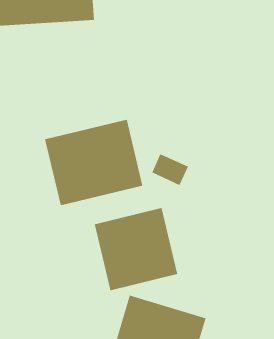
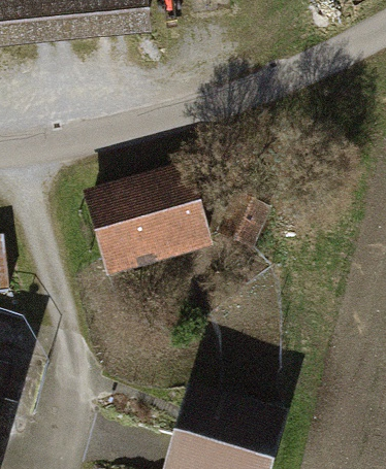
building: [94,207,178,291] -> none

